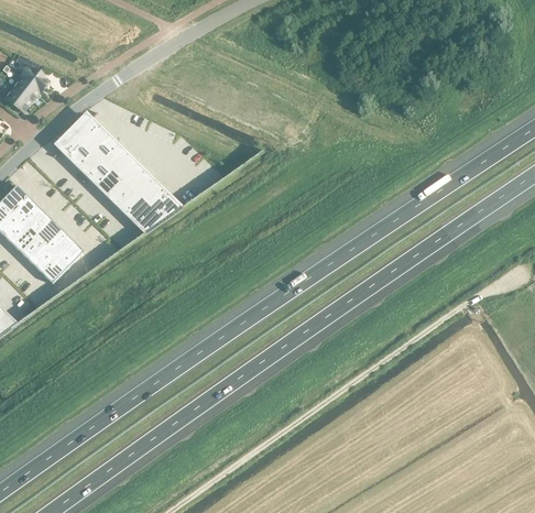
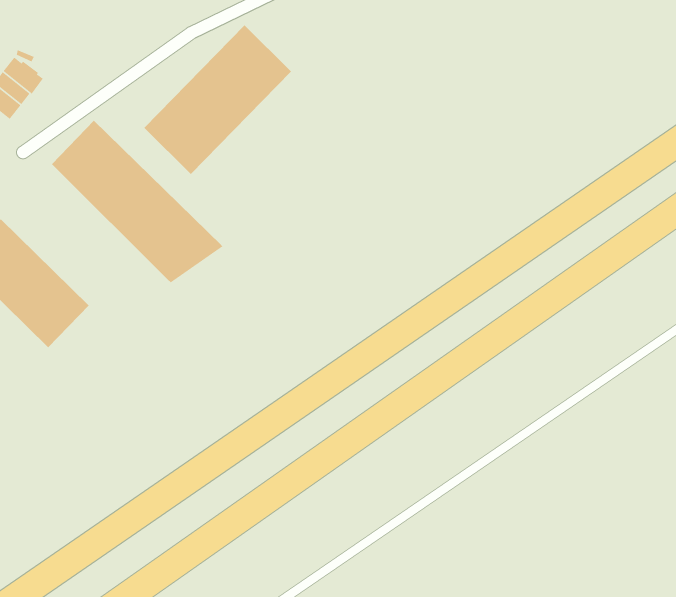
building: none -> [144,25,292,175]

